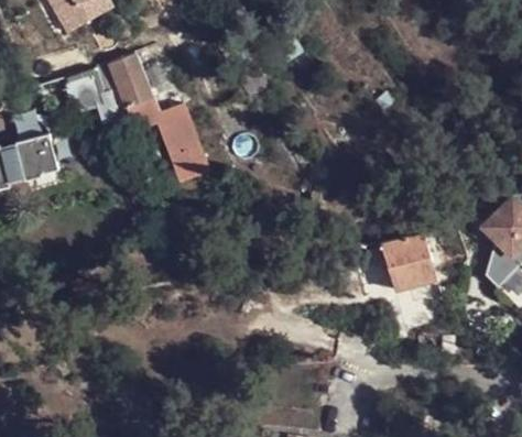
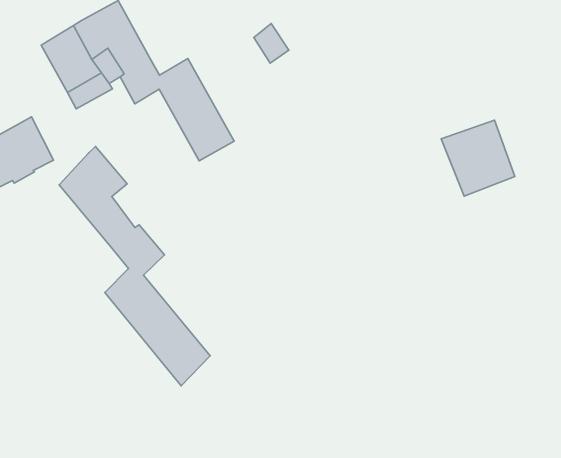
building: none -> [59,147,210,386]
building: [378,234,433,292] -> [441,120,515,196]

